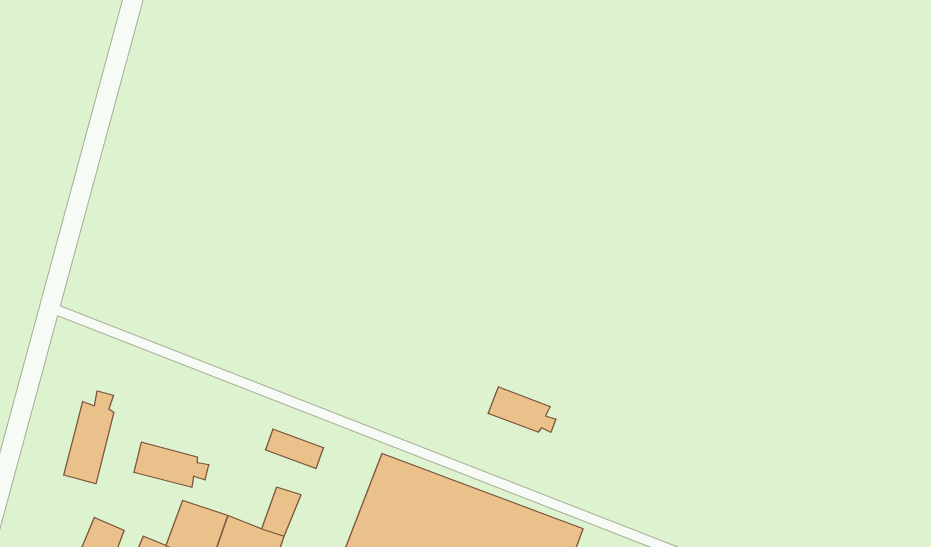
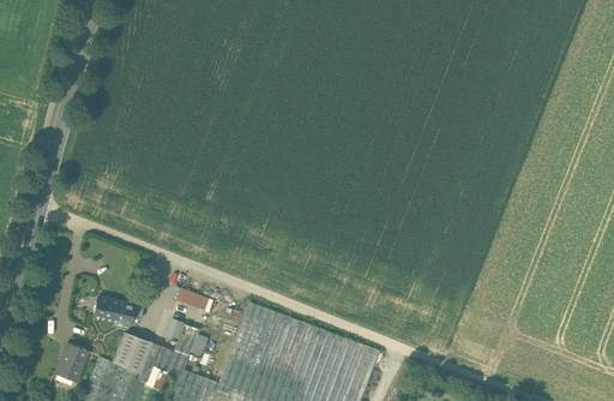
building: [488,387,556,432] -> none
building: [64,391,114,484] -> none

